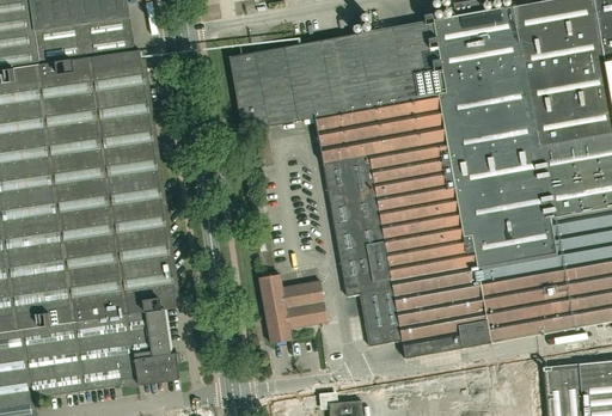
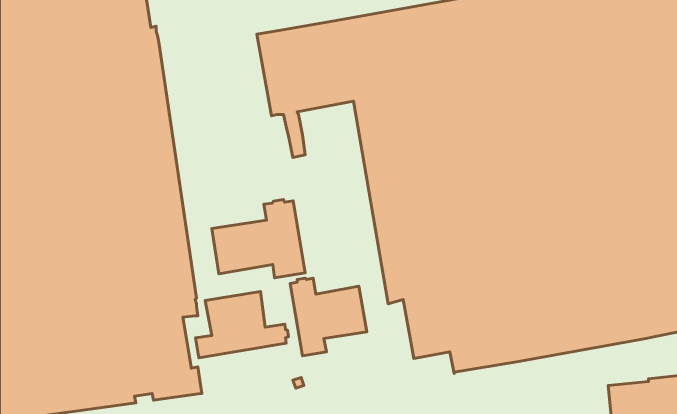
building: none -> [212,200,305,278]
building: none -> [195,292,288,358]

